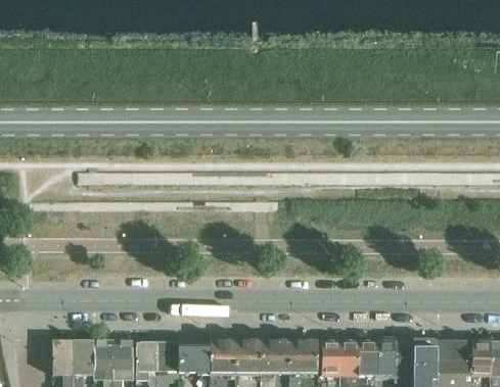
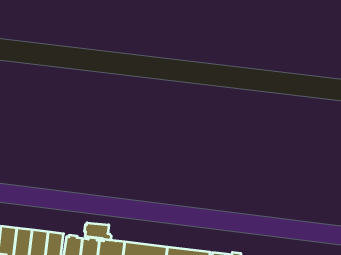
building: none -> [85,223,111,240]

